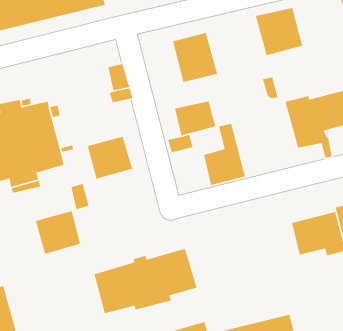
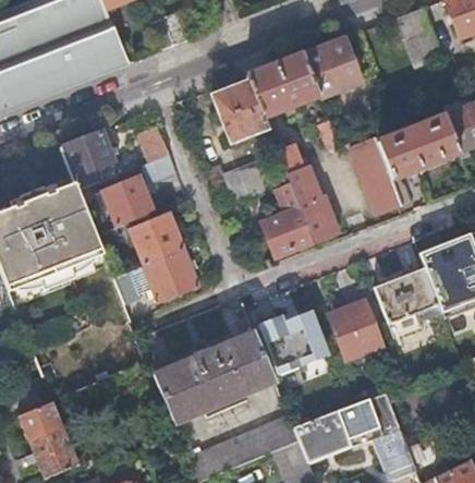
building: none -> [246,52,318,116]
building: none -> [61,130,113,177]
building: none -> [280,155,340,240]
building: none -> [100,174,153,226]
building: [35,210,81,255] -> [142,247,198,303]
building: none -> [329,302,381,360]
building: none -> [259,310,329,373]

